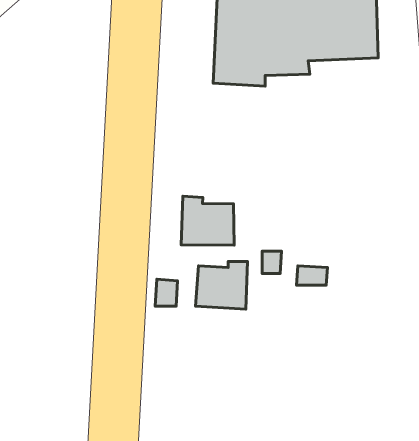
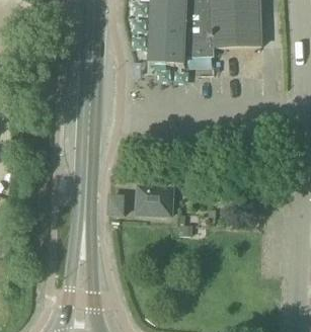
building: [181,196,234,245] -> none

